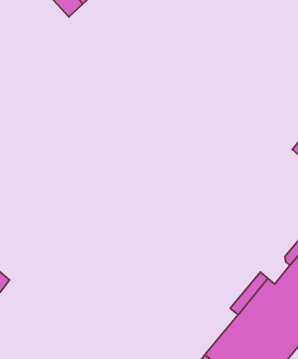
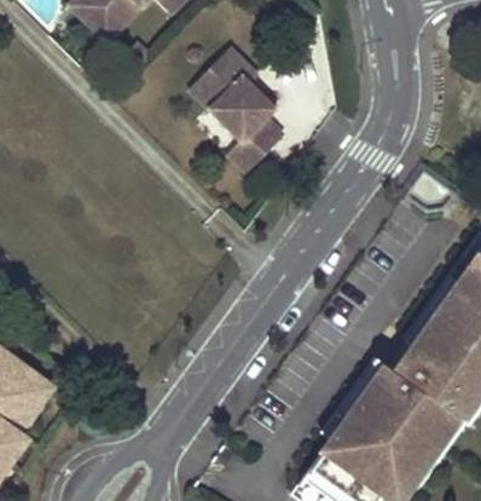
building: none -> [190,47,285,172]

